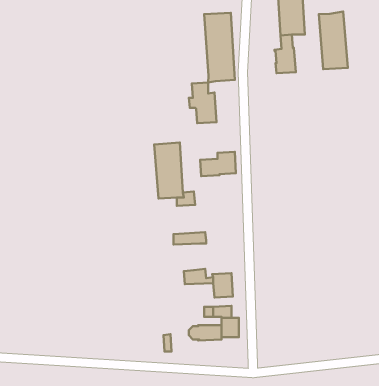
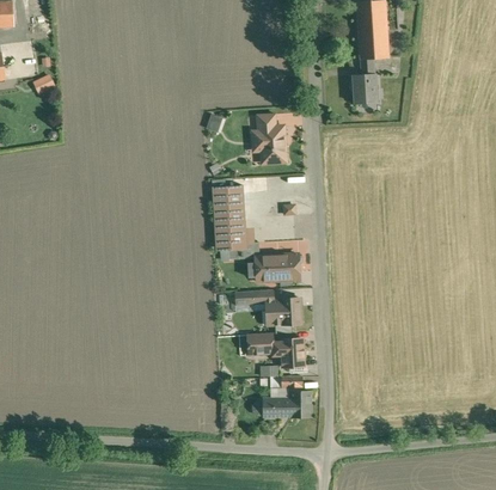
building: [319,12,348,69] -> none
building: [204,13,235,82] -> none
building: [200,152,236,176] -> [257,253,299,282]
building: none -> [265,298,301,332]

